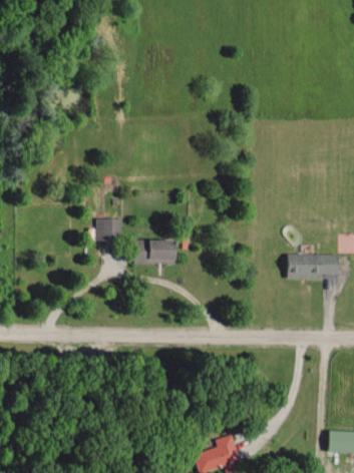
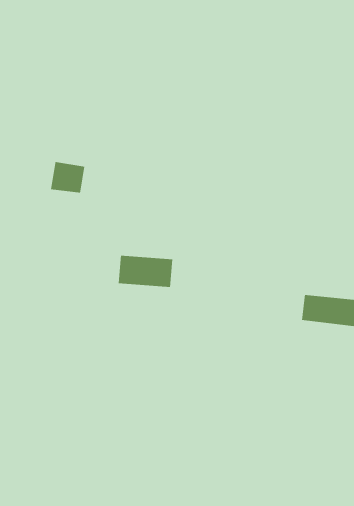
building: [95,218,121,242] -> [50,162,85,193]

